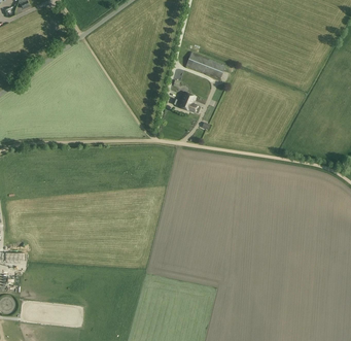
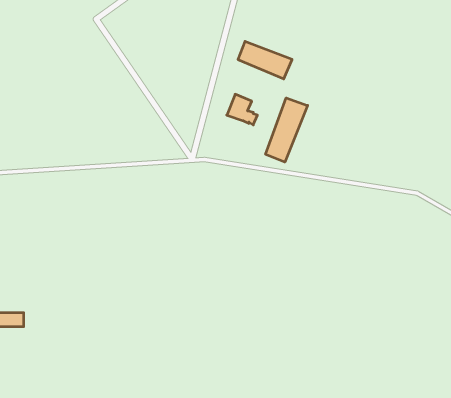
building: none -> [266,98,308,162]

